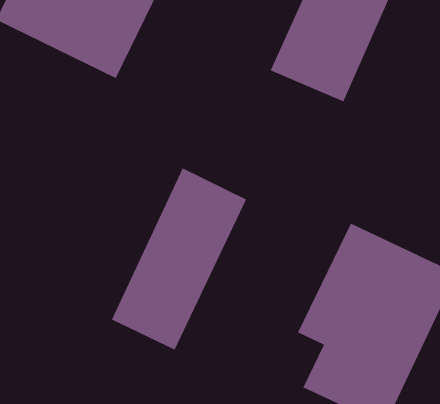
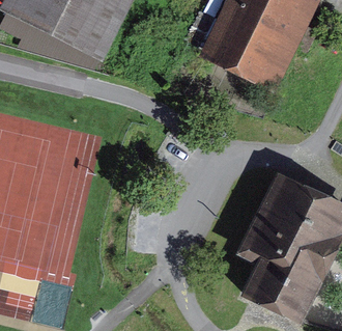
building: [111,167,247,351] -> none

